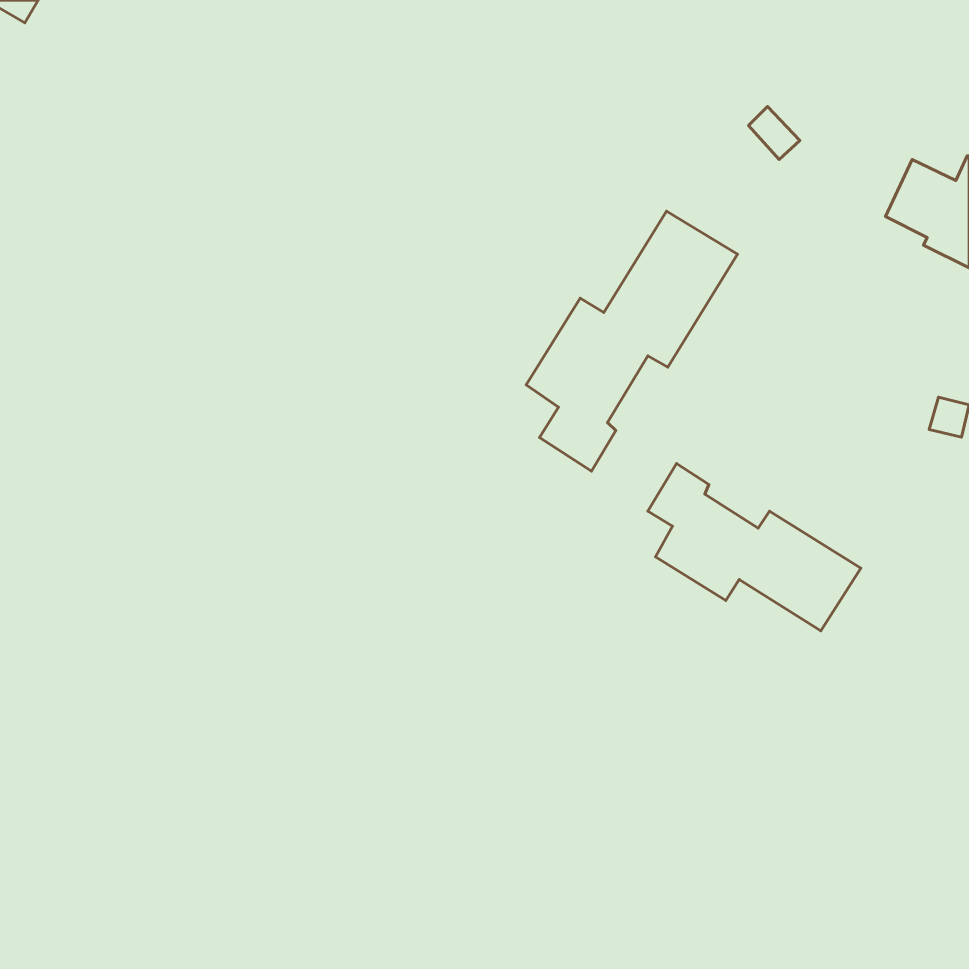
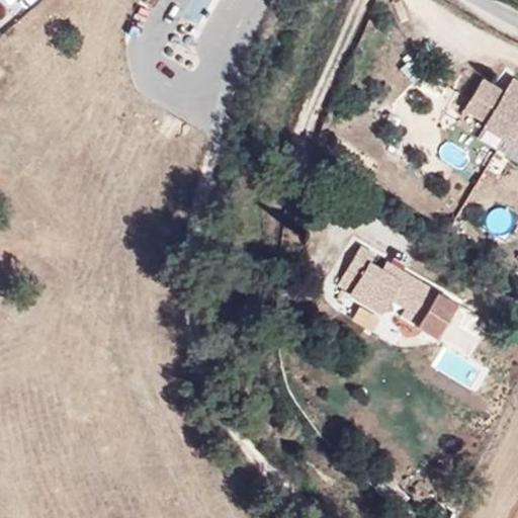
building: [526,211,738,471] -> none

